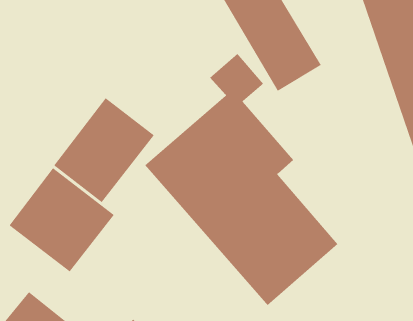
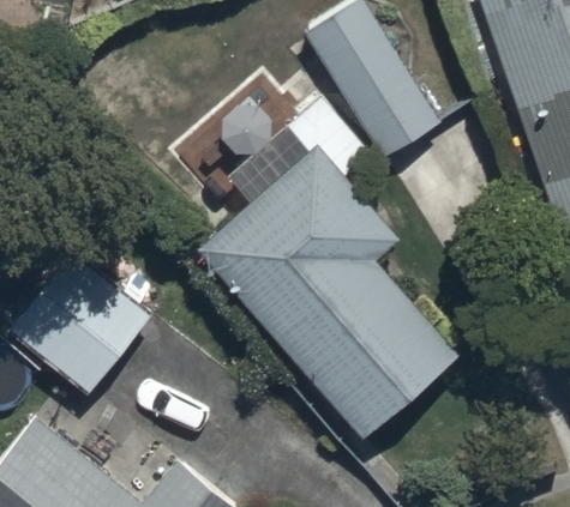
building: [53,97,155,203] -> none

